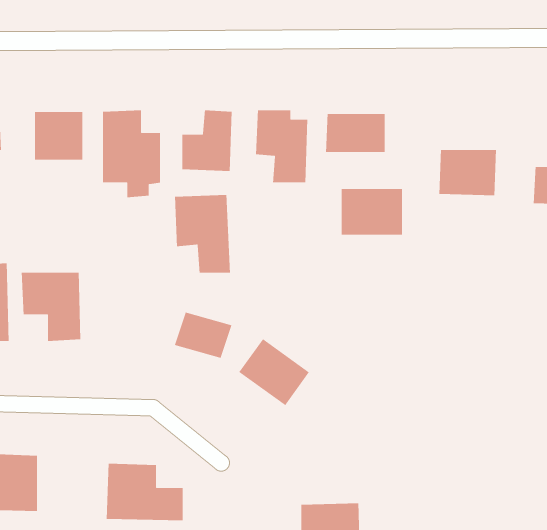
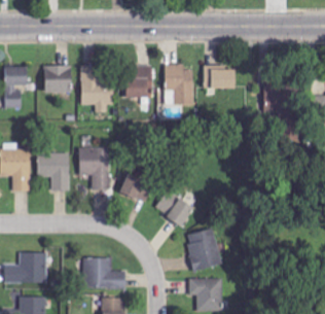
building: [341,188,403,236] -> none
building: [174,194,231,273] -> [78,146,109,189]
building: none -> [186,229,219,270]

